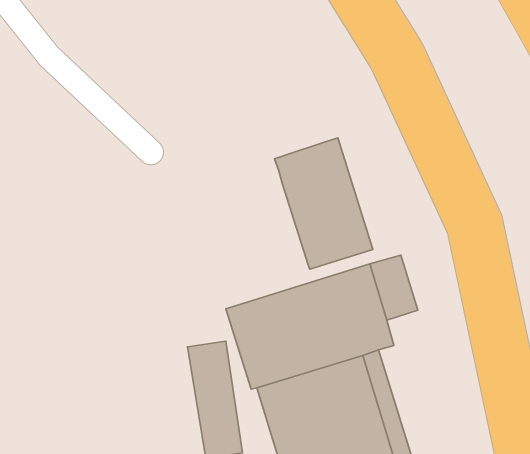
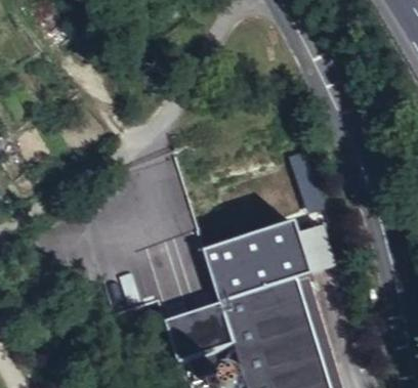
building: [275,138,373,269] -> none

